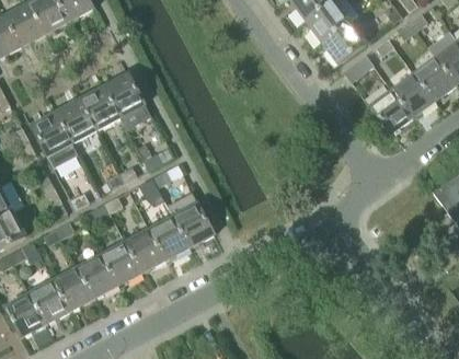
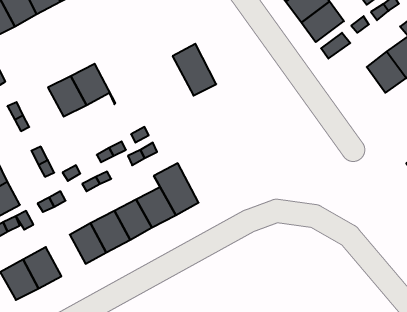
building: [104,73,150,128] -> [173,44,216,96]
building: [369,90,411,134] -> none
building: [31,112,78,167] -> none
building: [53,267,94,311] -> none

